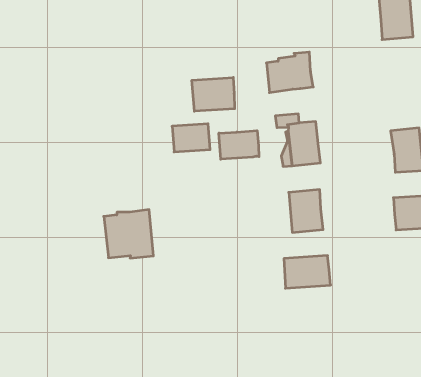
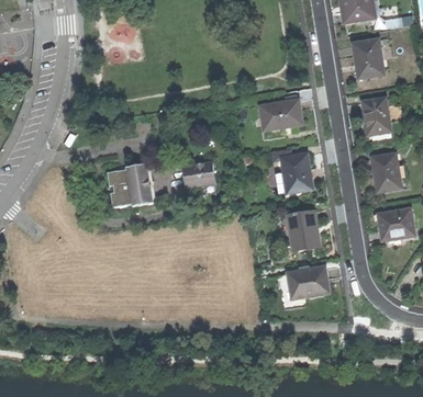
building: none -> [361,98,390,134]
building: [192,77,235,111] -> none
building: [219,131,259,159] -> none
building: [104,210,153,258] -> [108,163,153,207]

